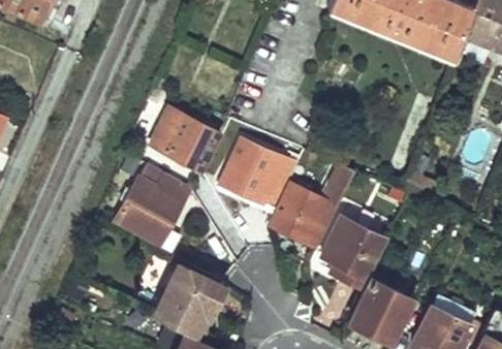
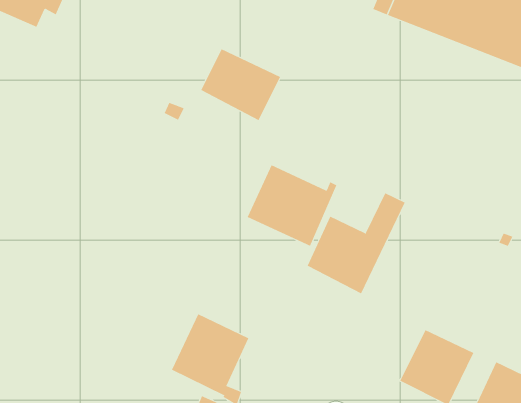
building: [151,112,219,172] -> [200,49,281,121]
building: [117,172,187,245] -> none
building: [321,217,385,288] -> none

